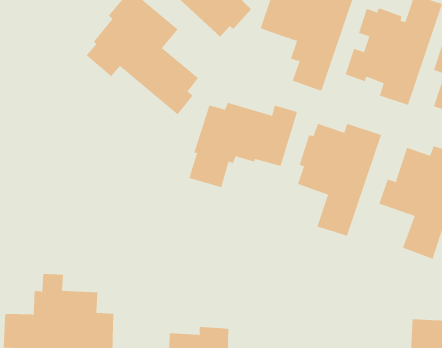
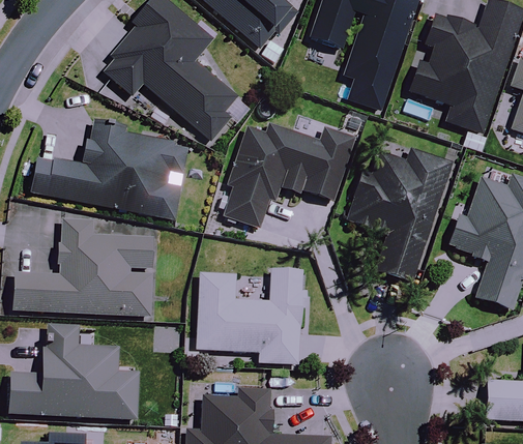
building: none -> [29,121,187,218]
building: none -> [10,217,153,317]
building: none -> [187,267,306,363]

